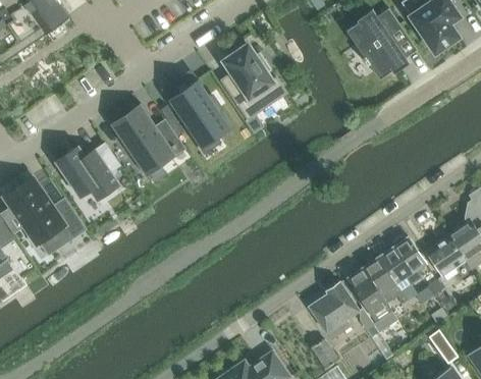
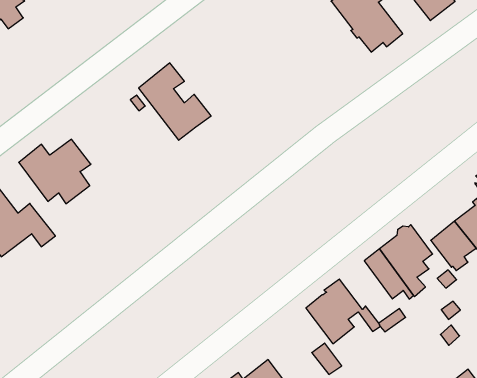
building: [224,45,278,119] -> none
building: [110,104,183,176] -> none
building: [348,267,391,320] -> none

